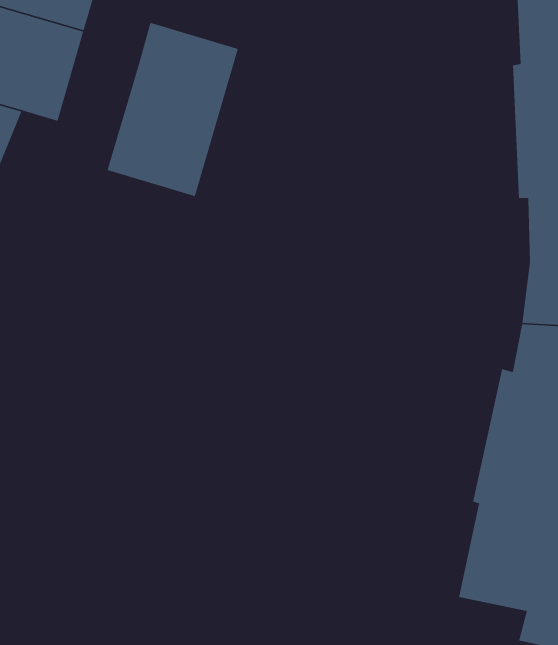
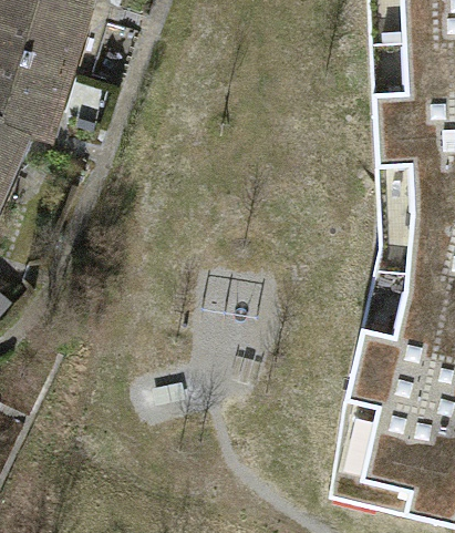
building: [106,22,239,197] -> none

